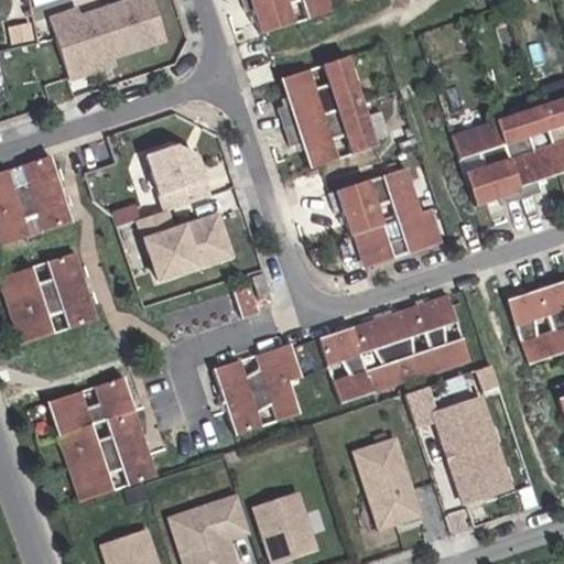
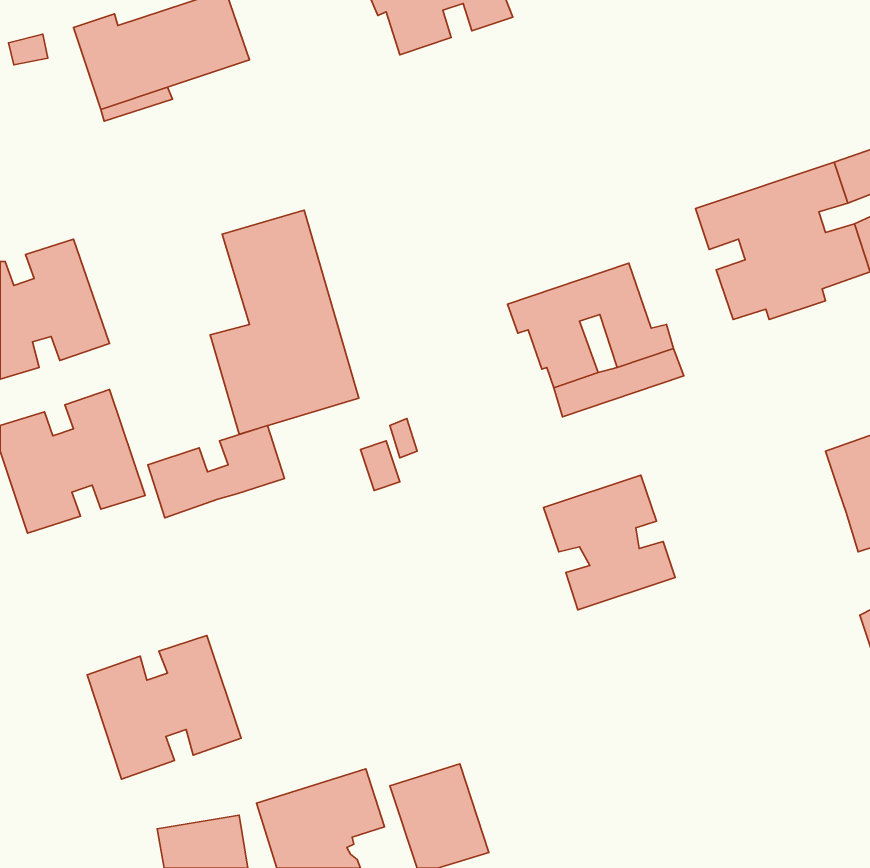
building: [279,56,378,169] -> none
building: [506,291,555,366] -> none
building: [415,295,473,372] -> none
building: [318,327,375,404] -> none
building: [213,343,303,436] -> none
building: [47,376,135,435] -> [148,426,285,518]
building: [404,388,509,501] -> none
building: [356,433,422,528] -> none

